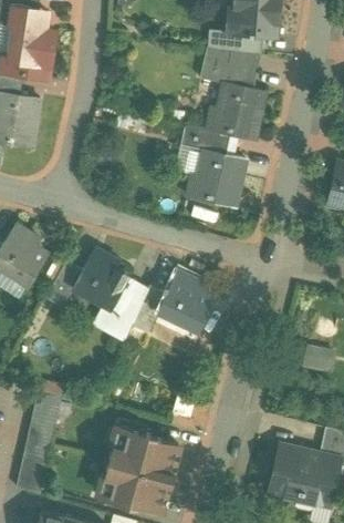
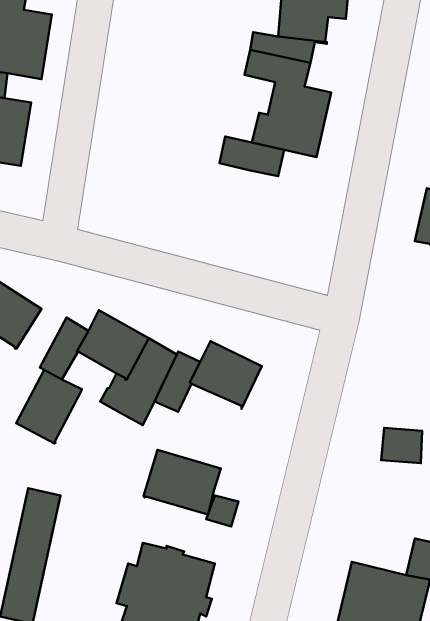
building: [187,150,246,206] -> none
building: none -> [16,370,82,444]
building: none -> [143,450,221,514]

